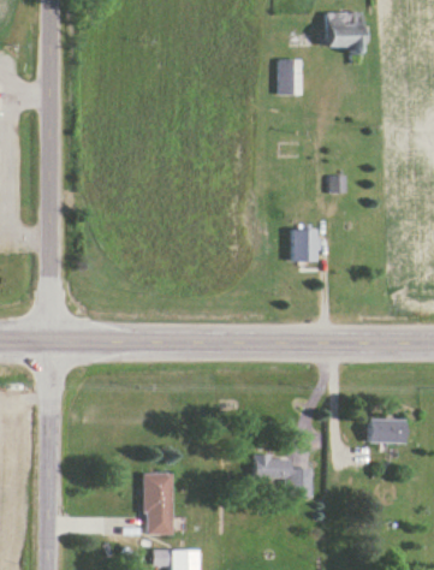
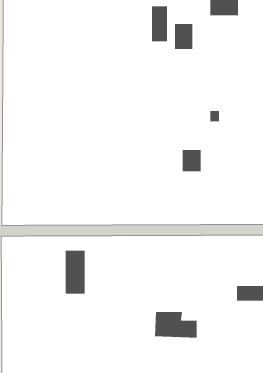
building: none -> [151,6,167,42]
building: [144,474,173,535] -> [65,250,86,294]

